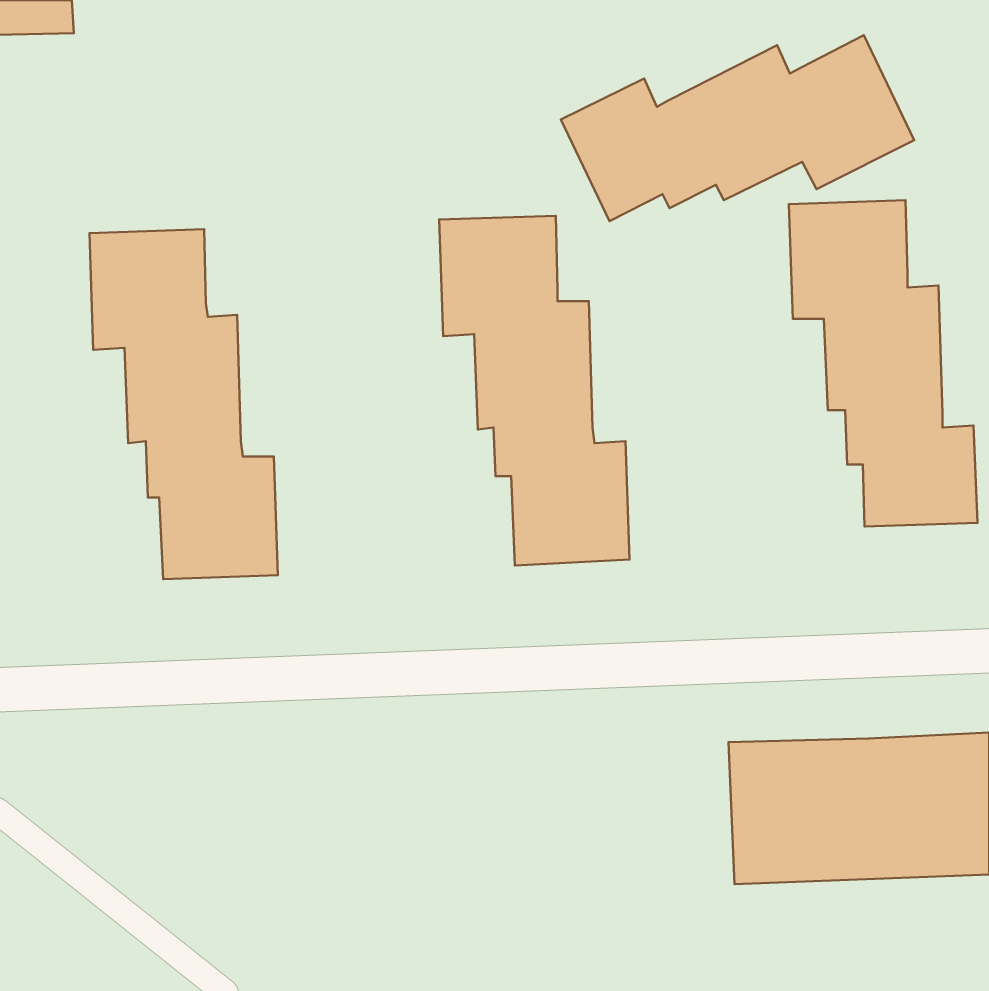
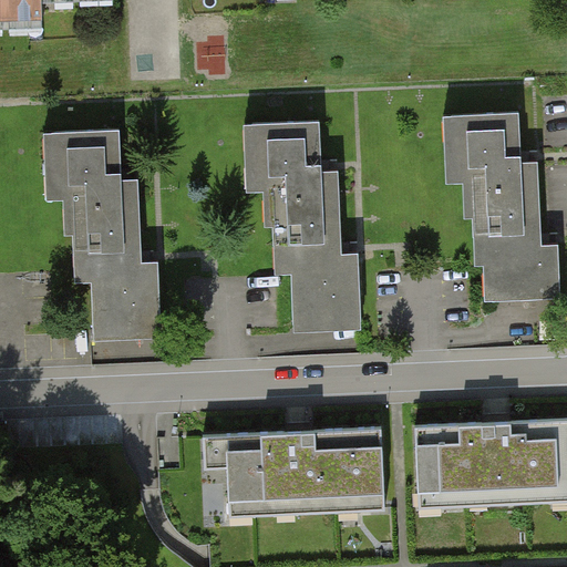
building: [561,35,914,221] -> none
building: none -> [216,427,383,517]

